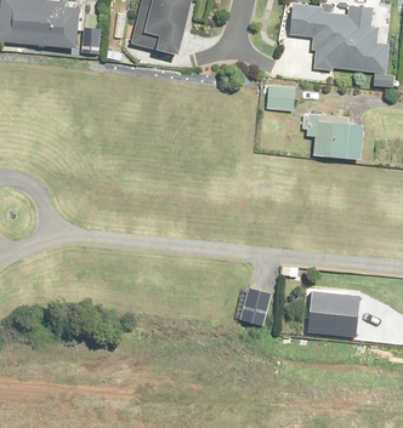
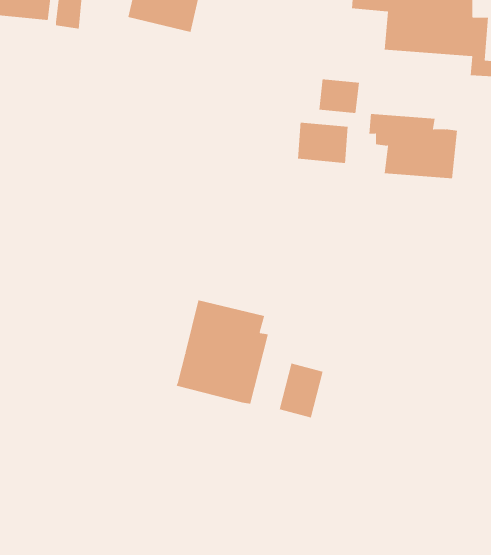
building: none -> [298,122,348,164]
building: none -> [176,300,269,405]
building: [308,293,359,337] -> none

